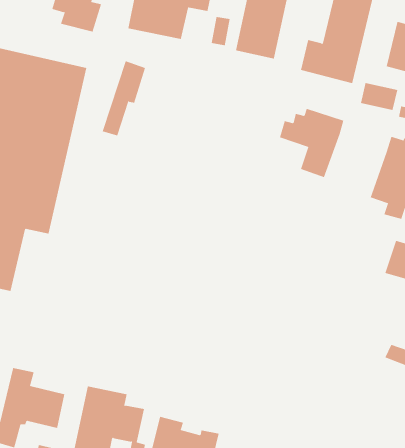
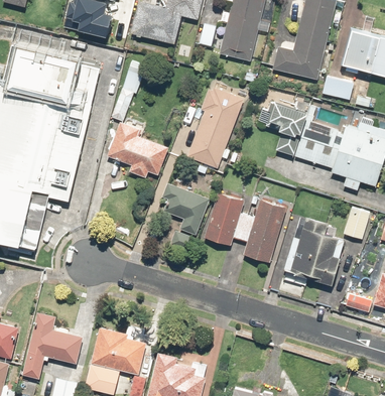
building: none -> [187,86,242,166]
building: none -> [293,120,344,169]
building: none -> [107,123,167,177]
building: none -> [161,181,209,253]
building: none -> [204,189,284,262]
building: none -> [283,217,346,285]

